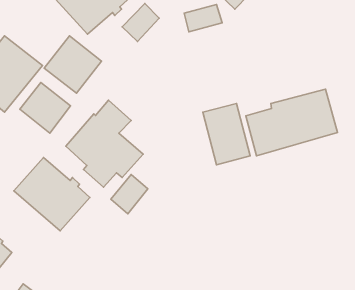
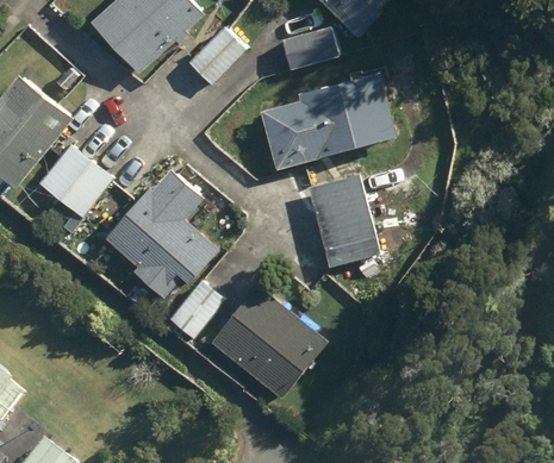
building: [44,36,102,93] -> none
building: [246,89,338,156] -> [260,73,396,171]
building: [14,158,90,231] -> none
building: none -> [211,284,328,399]

